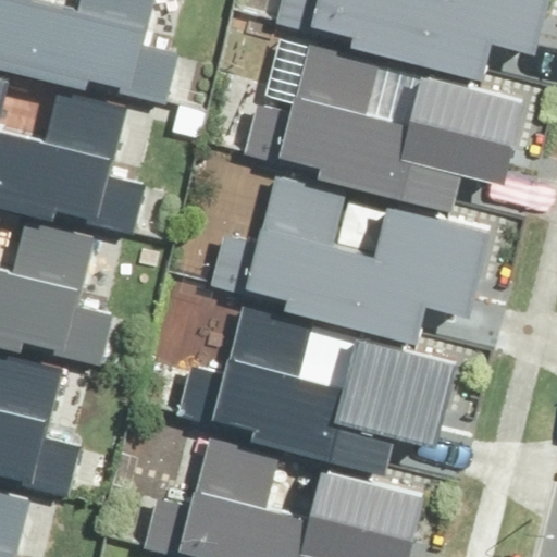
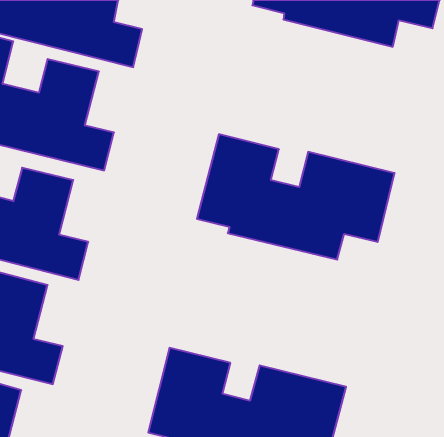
building: [274,53,518,209] -> none
building: [213,312,457,468] -> none

